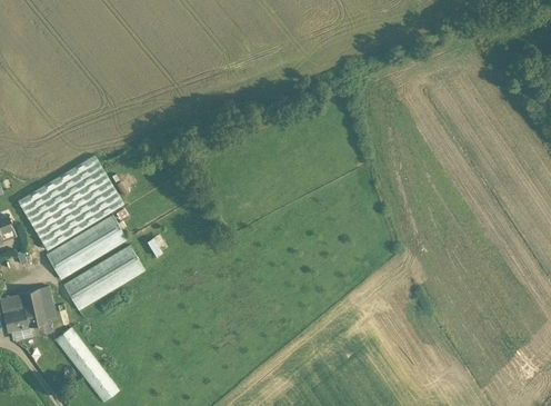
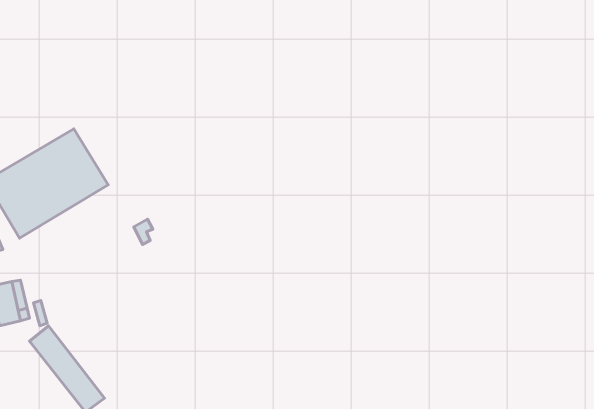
building: [46,215,128,279] -> none
building: [64,245,147,310] -> none

